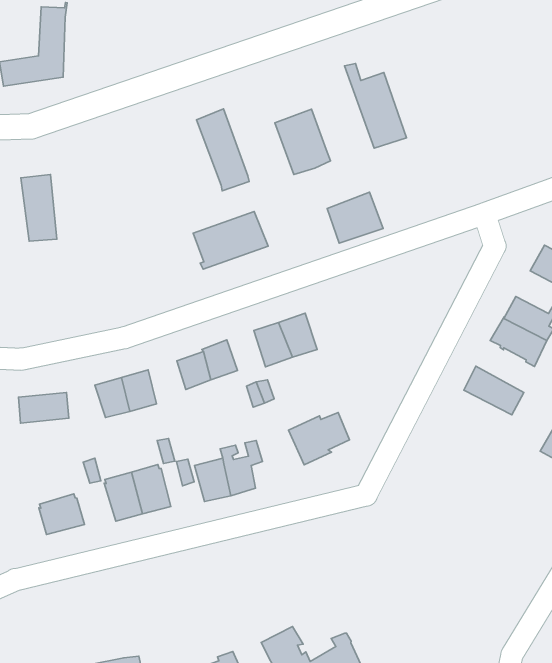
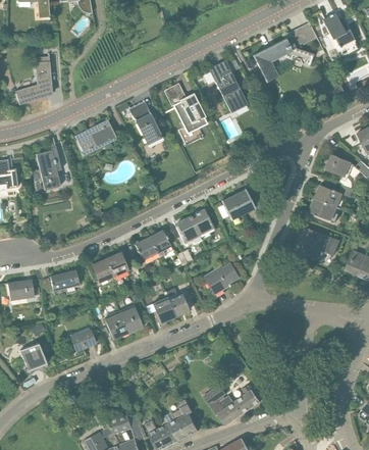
building: none -> [253,26,314,82]
building: [327,192,383,243] -> [222,189,255,219]
building: [193,212,268,269] -> [74,119,117,155]

